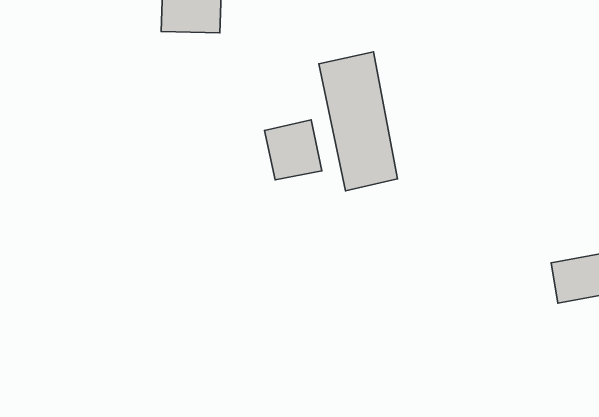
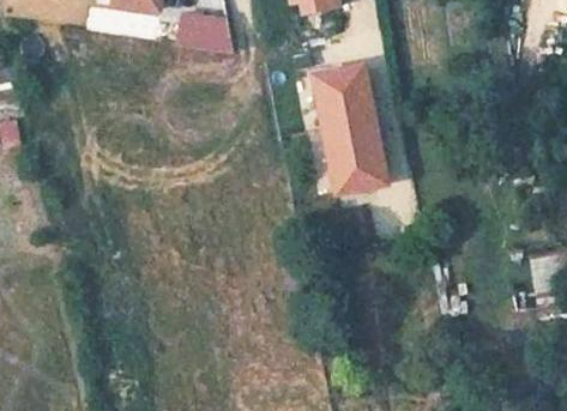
building: [265,120,322,180] -> none

